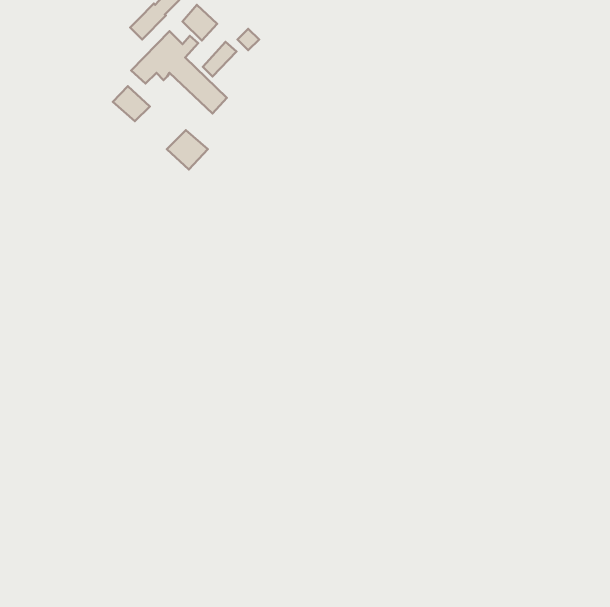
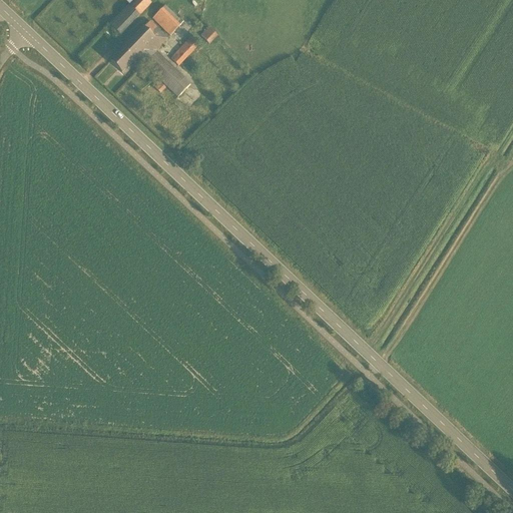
building: [113,86,150,121] -> none
building: [167,130,208,169] -> none

